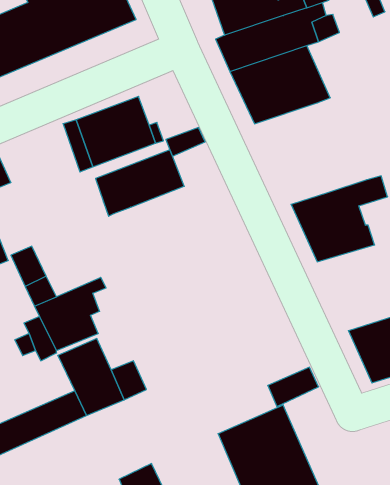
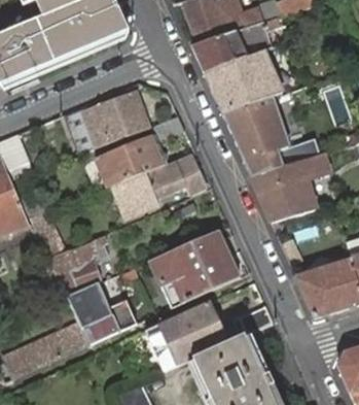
building: none -> [223,96,288,176]
building: none -> [112,153,207,216]
building: none -> [151,230,240,307]
building: none -> [146,302,227,364]

